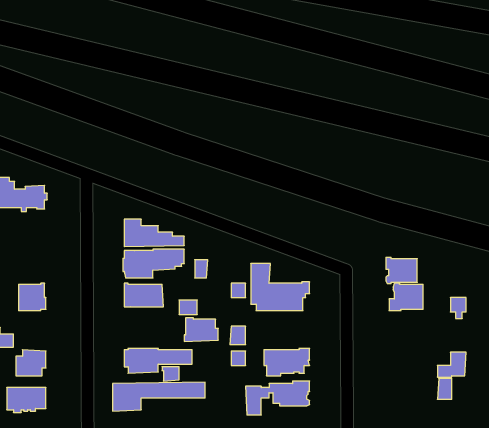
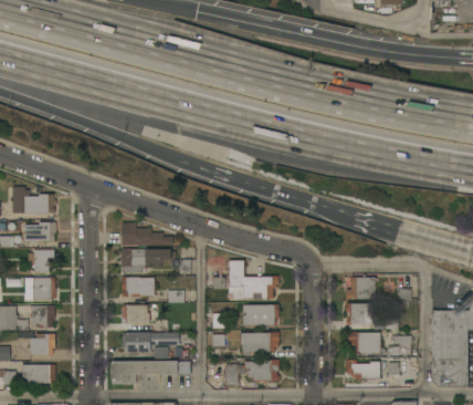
building: none -> [24,222,55,241]
building: none -> [25,250,54,272]
building: [386,257,417,284] -> [346,303,372,325]
building: none -> [242,304,278,325]
building: none -> [31,305,54,328]
building: [184,318,218,341] -> [120,304,149,324]
building: none -> [347,332,382,355]
building: none -> [345,360,379,380]

